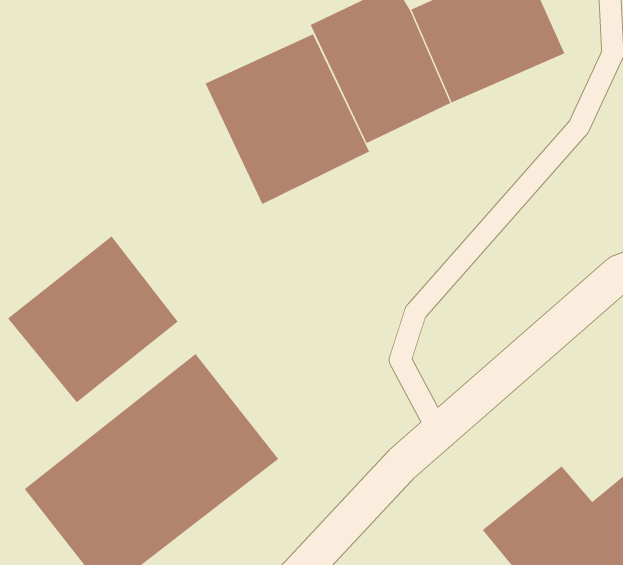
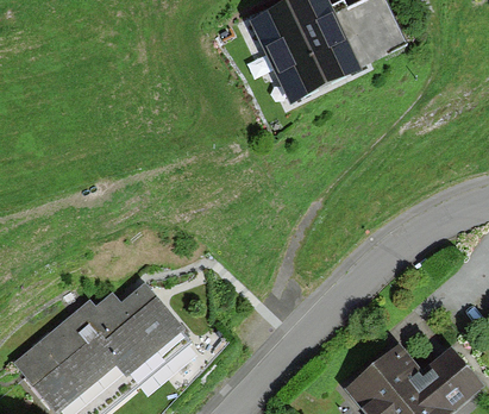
building: [205,33,370,205] -> none
building: [7,236,178,403] -> none

